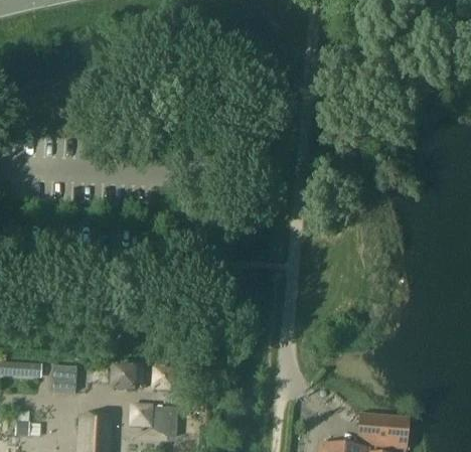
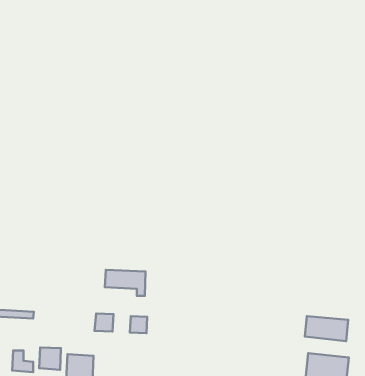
building: [51,365,76,392] -> [39,347,61,370]
building: none -> [305,316,348,341]
building: [131,405,178,435] -> [105,270,146,296]

